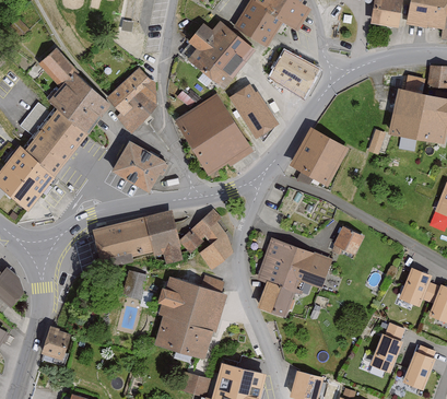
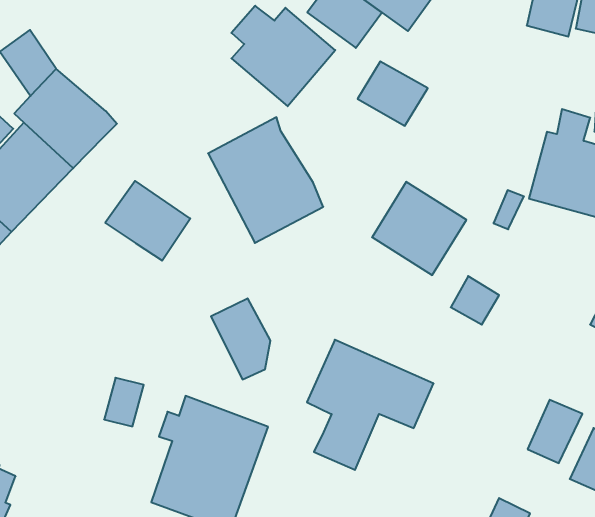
building: [110,66,160,131] -> none
building: [224,82,280,138] -> none
building: [90,214,180,265] -> none
building: [333,224,364,255] -> [451,276,499,325]

